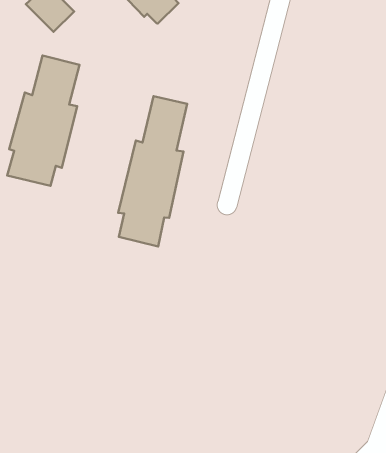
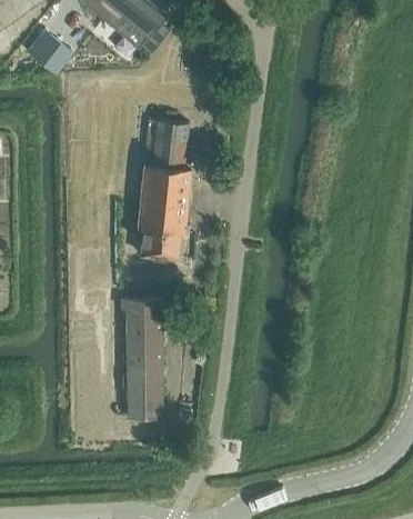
building: [7,55,80,186] -> none
building: none -> [121,299,161,417]

